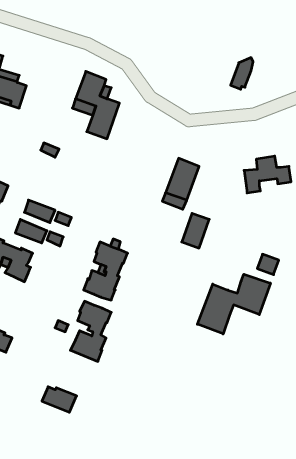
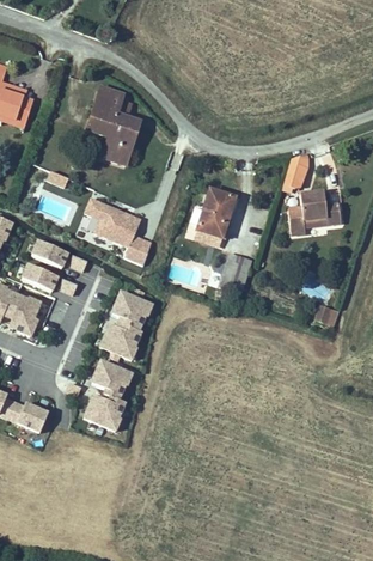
building: [231,58,253,89] -> [286,148,312,185]
building: none -> [86,200,151,267]
building: [197,274,270,334] -> none
building: [42,387,77,412] -> [8,401,49,431]

